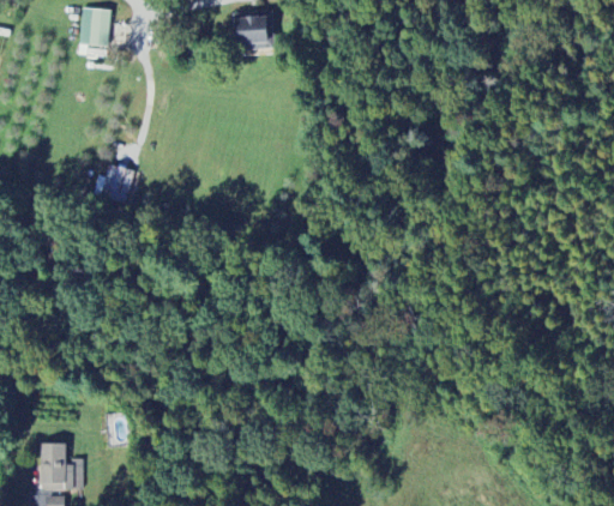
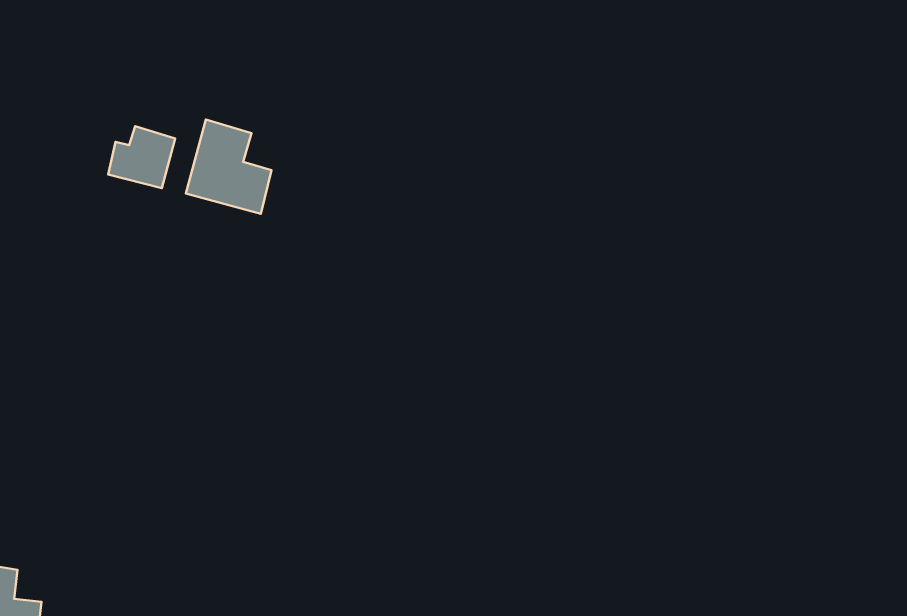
building: none -> [186,119,272,214]

